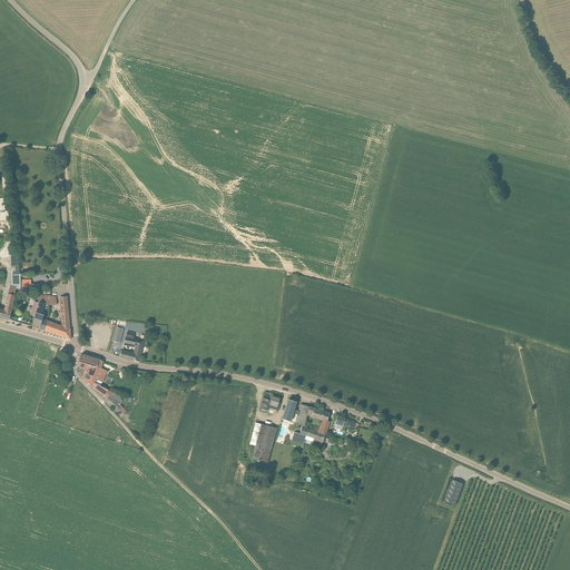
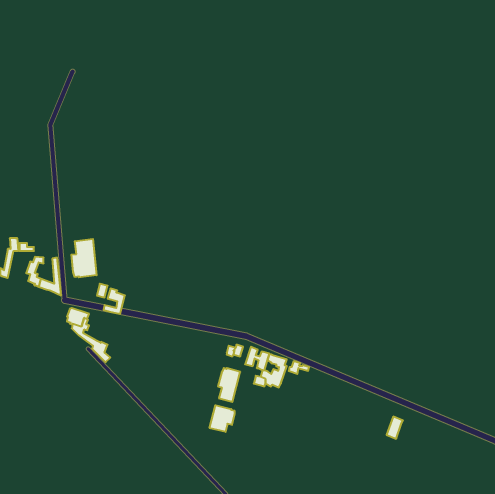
building: none -> [71,239,97,277]
building: none -> [210,405,235,432]

